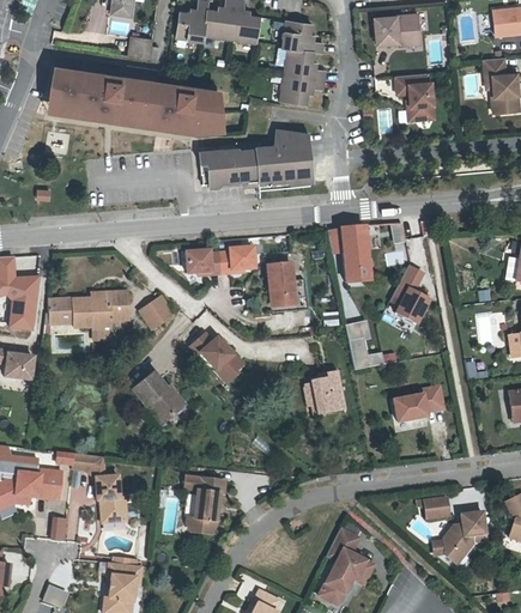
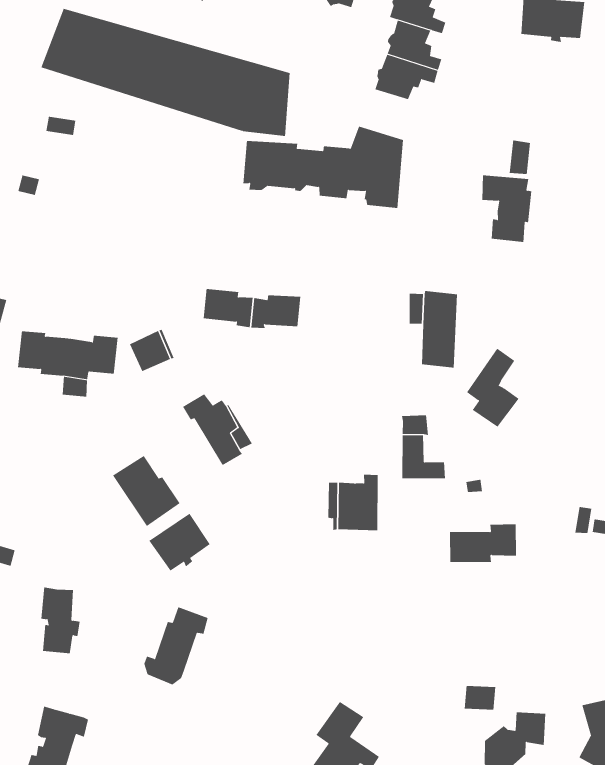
building: [396,68,435,115] -> [482,175,532,242]
building: [268,267,295,308] -> none
building: none -> [148,513,211,571]

